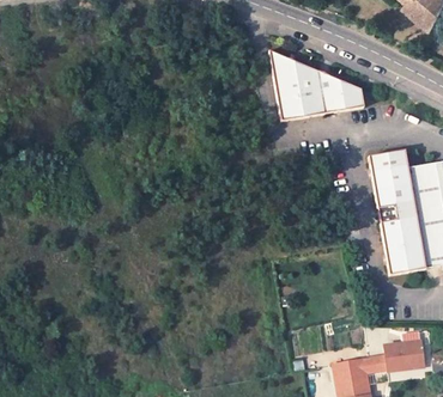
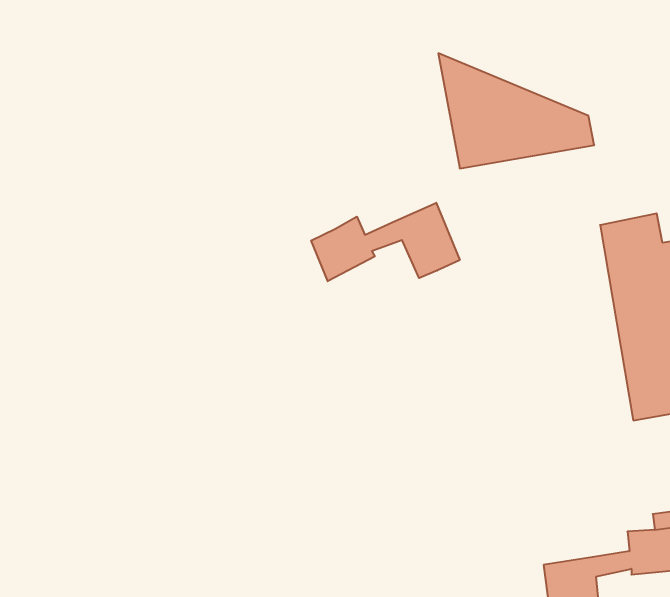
building: none -> [311,203,460,281]

